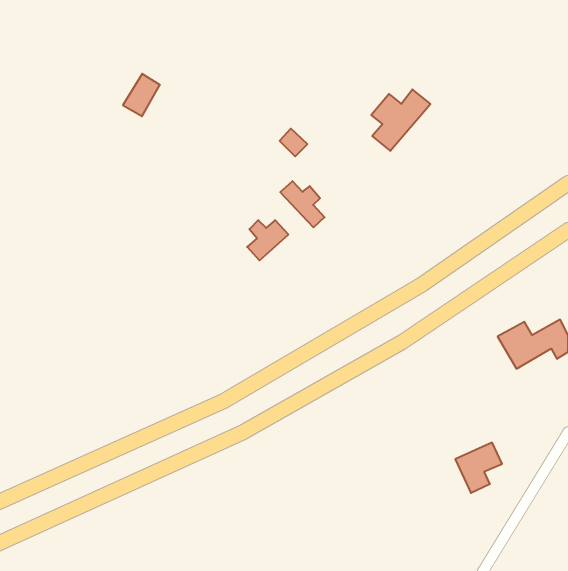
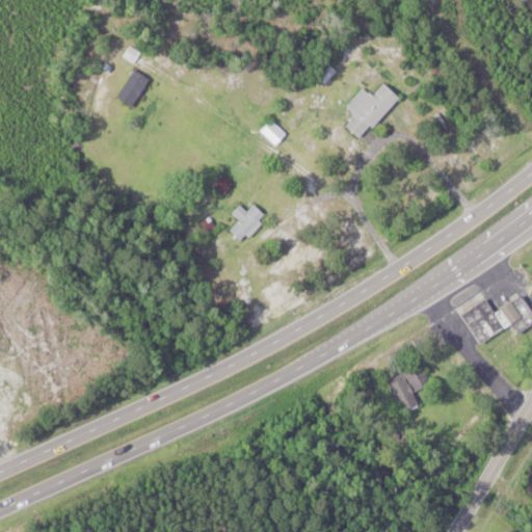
building: [280,181,325,227] -> none
building: [455,443,502,493] -> [387,366,430,413]

